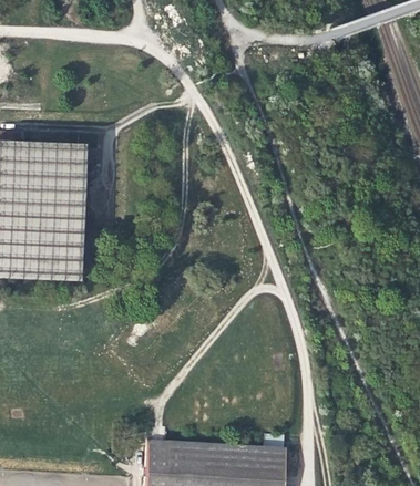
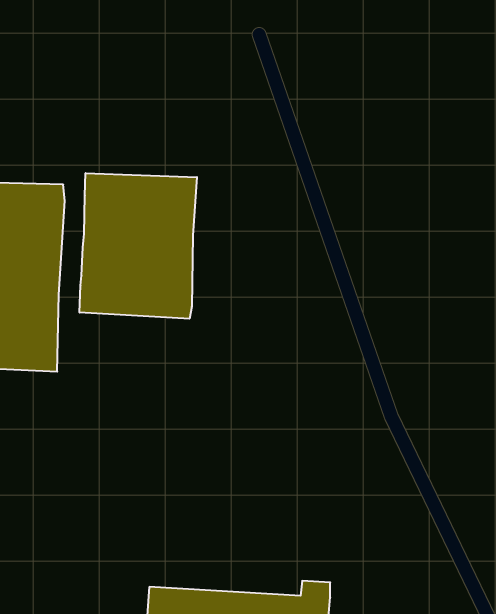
building: none -> [80,173,197,319]

